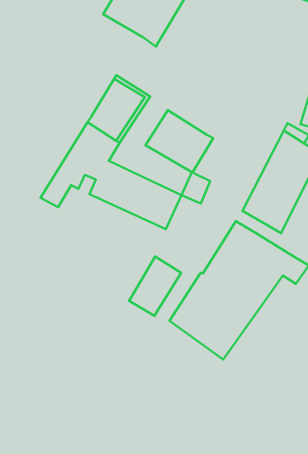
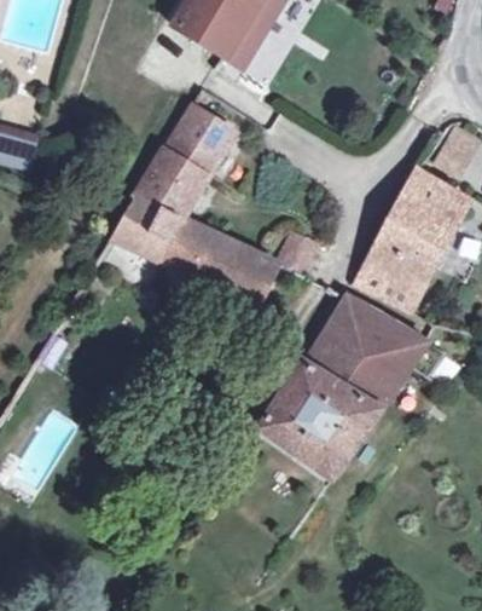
building: [145,110,213,173] -> none
building: [129,257,181,316] -> none

